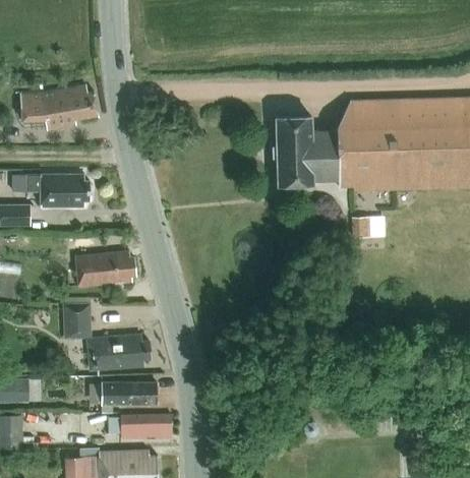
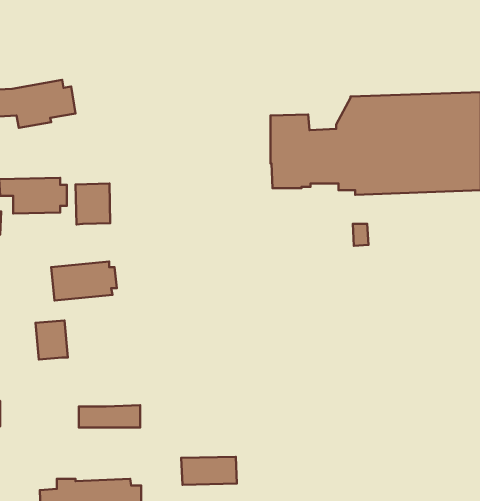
building: none -> [76,184,110,224]
building: [86,335,151,370] -> none
building: [121,415,172,440] -> [181,457,237,485]

